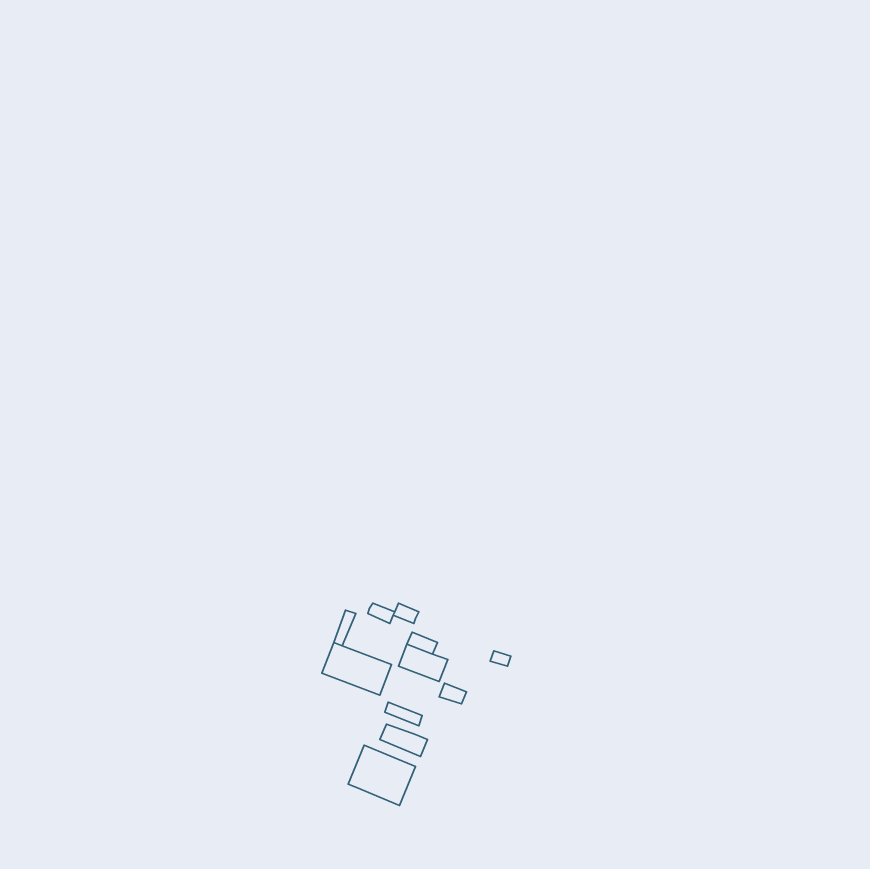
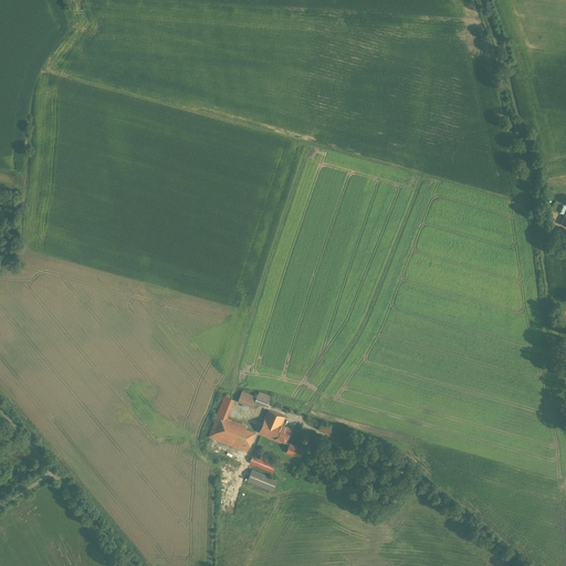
building: [348,745,415,806] -> none

